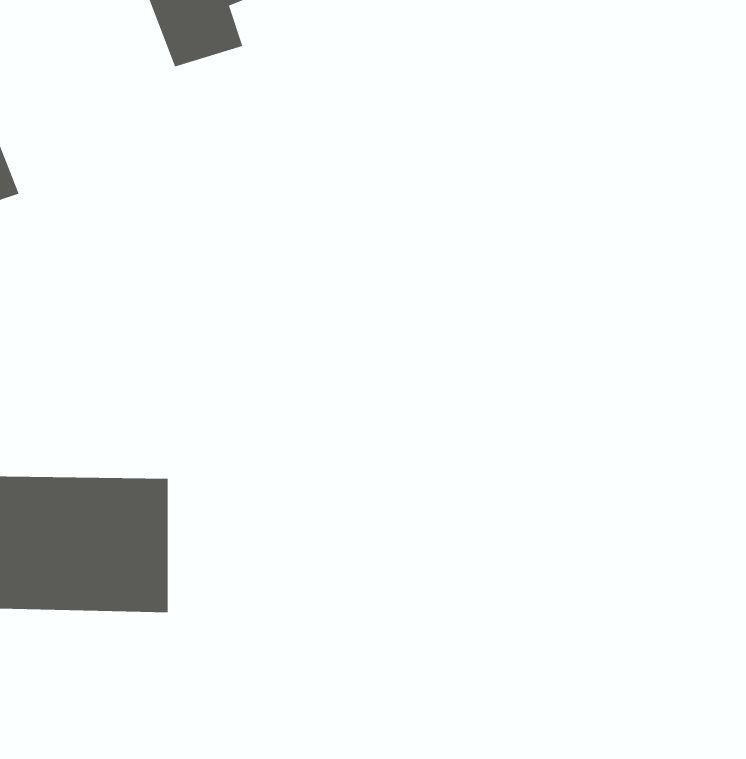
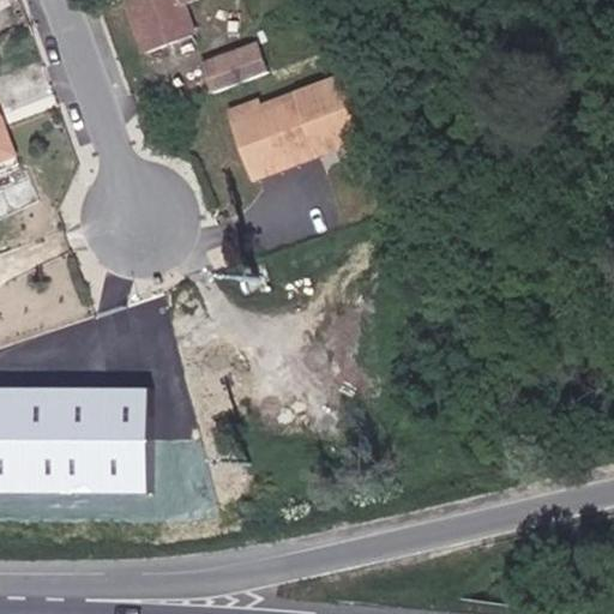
building: none -> [198,43,266,94]
building: none -> [225,73,361,182]

